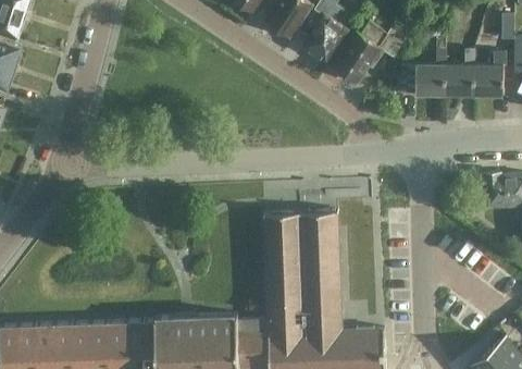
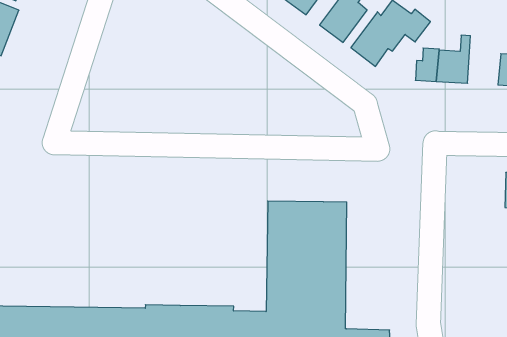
building: [445,49,474,94] -> none

